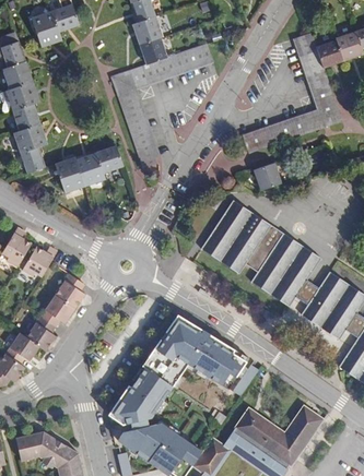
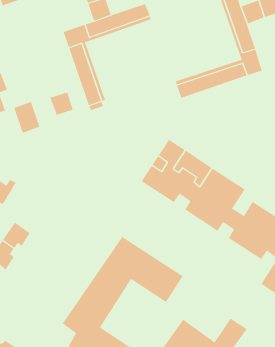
building: [75,152,105,186] -> none
building: [253,162,281,190] -> none
building: [55,274,83,308] -> none

